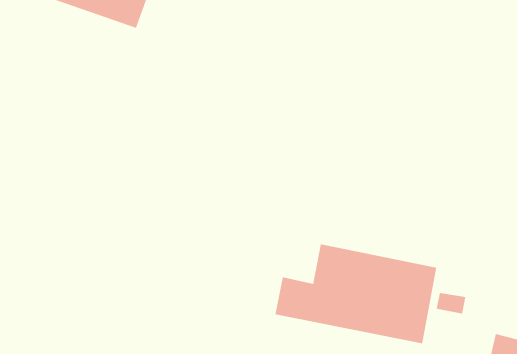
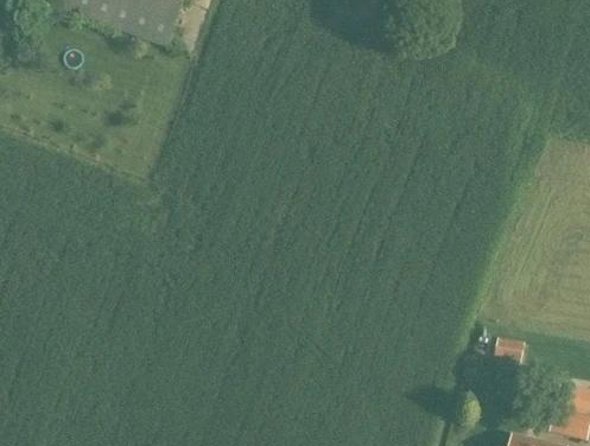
building: [275,244,437,344] -> none

